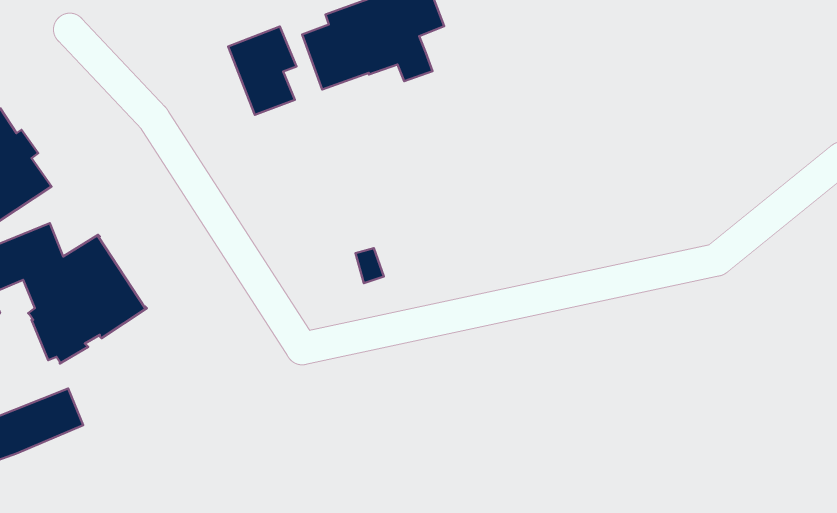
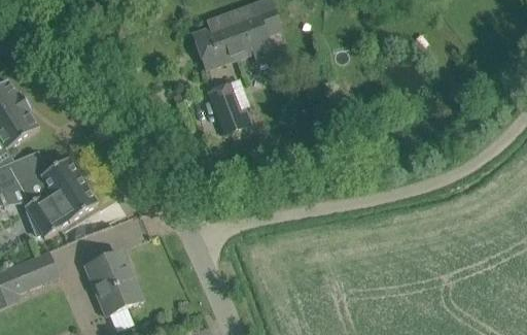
building: [228,26,297,115] -> [208,77,250,132]
building: none -> [84,250,142,314]

